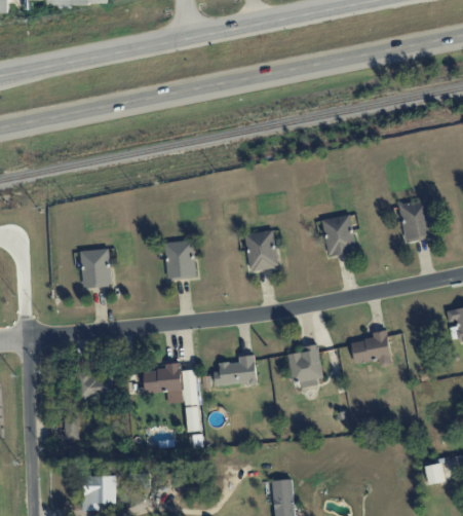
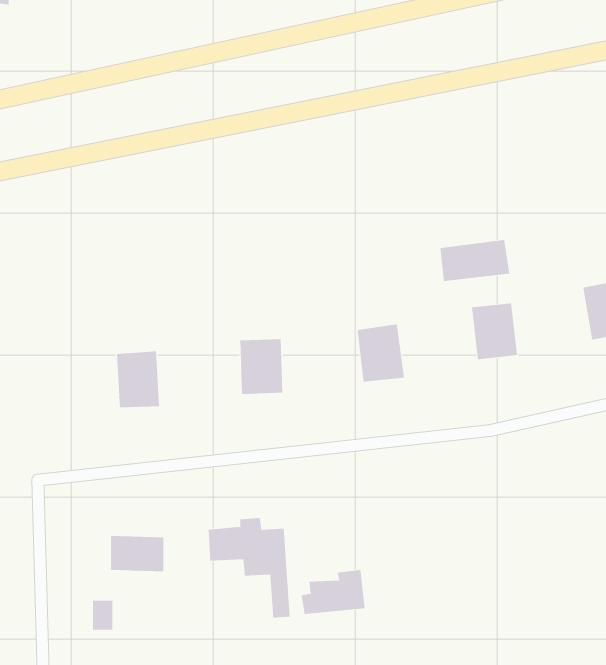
building: none -> [440,239,510,282]
building: [351,330,392,367] -> none
building: [287,343,324,386] -> none
building: [214,355,258,385] -> [301,569,366,615]

